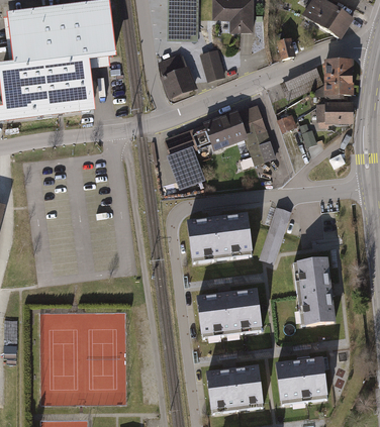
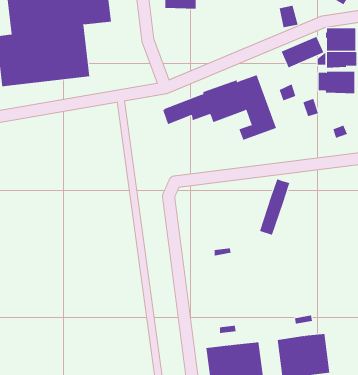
building: [199,49,224,82] -> none
building: [157,52,197,97] -> none
building: [167,145,204,189] -> none
building: [187,213,254,260] -> none
building: [292,261,336,329] -> none
building: [197,291,262,339] -> none

